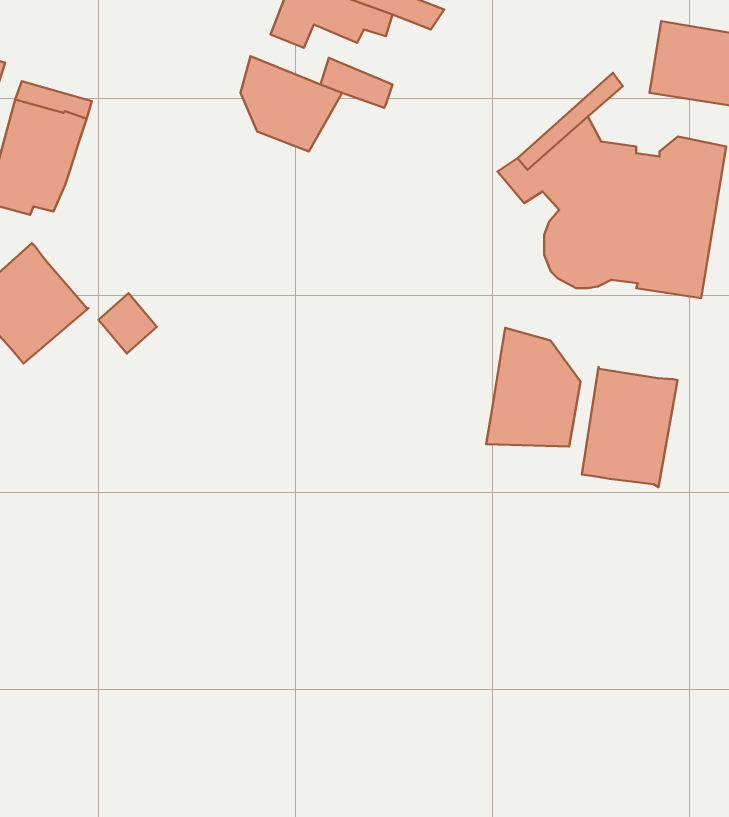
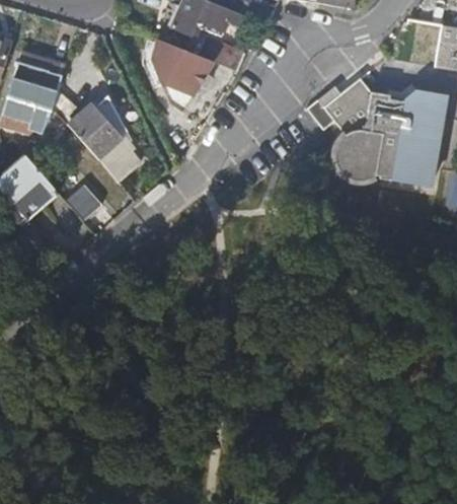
building: none -> [50,92,140,184]
building: [486,328,581,447] -> none
building: [582,367,677,487] -> none

